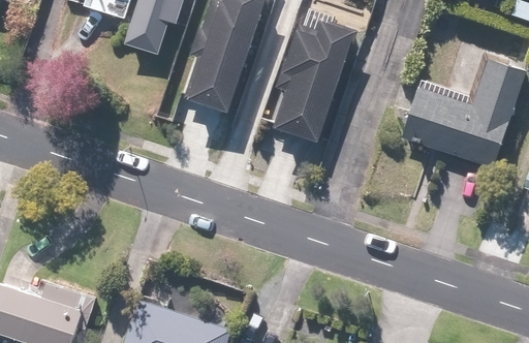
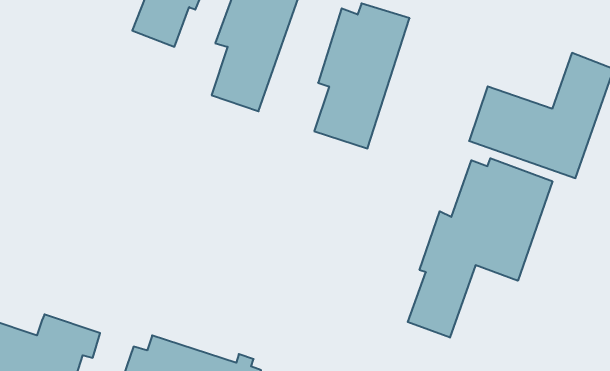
building: none -> [408,158,552,338]

